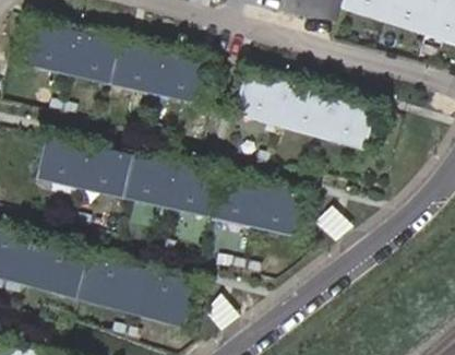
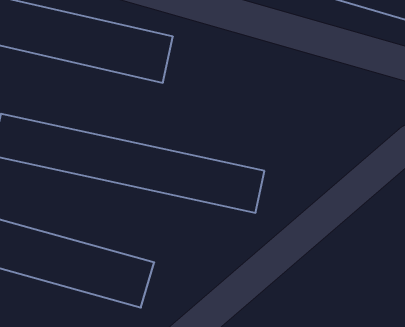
building: [234,72,376,152] -> none

